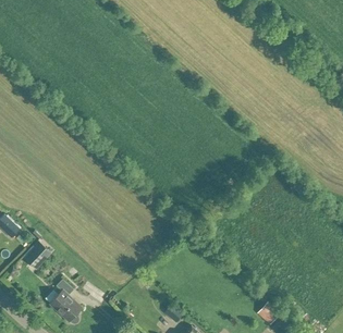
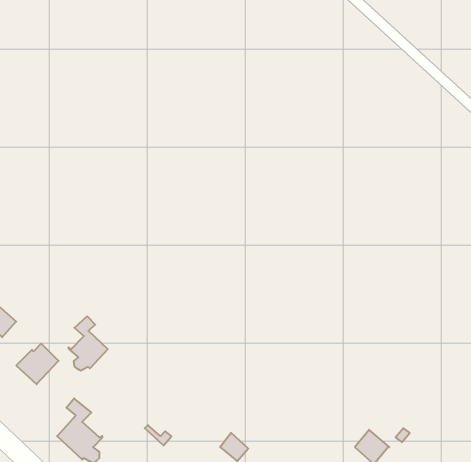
building: none -> [69,316,108,371]

